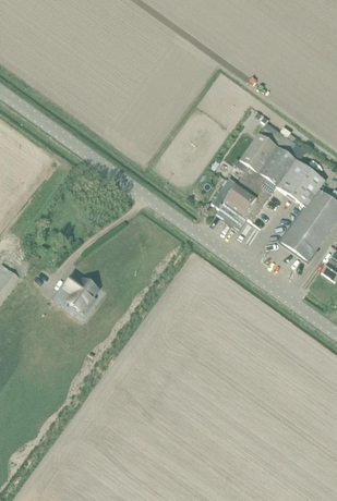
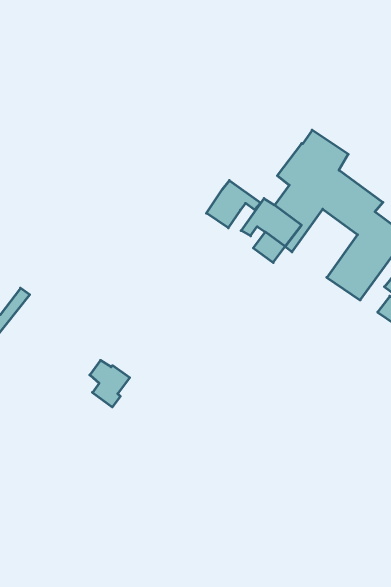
building: none -> [206,180,261,228]
building: [67,273,99,311] -> [90,360,130,407]

